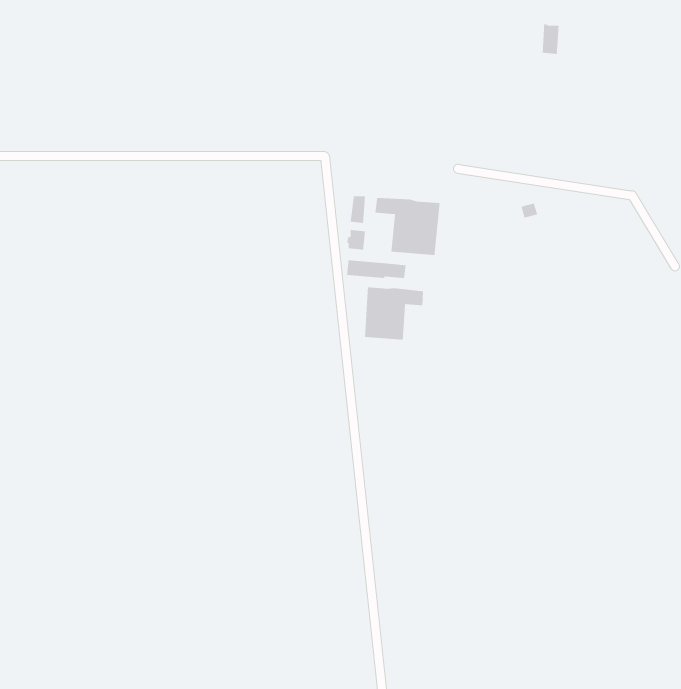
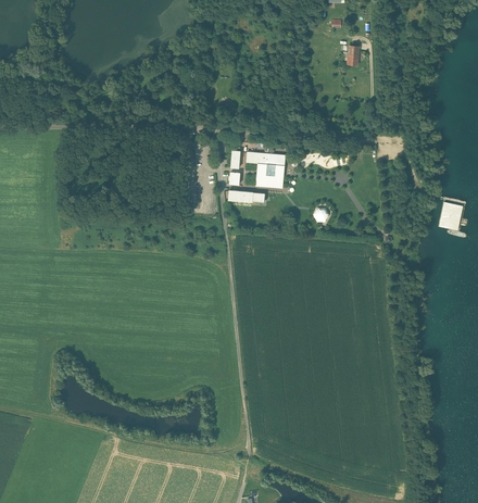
building: [364,286,424,341] -> none

